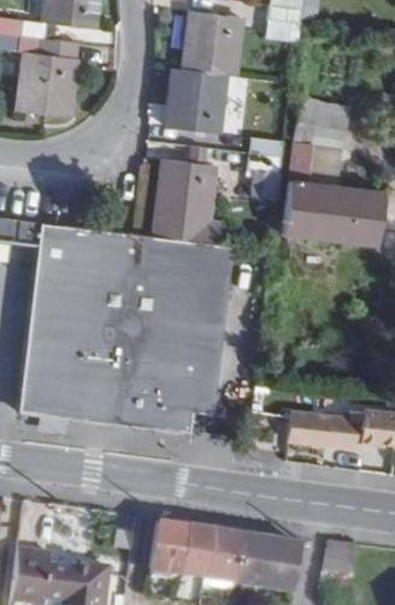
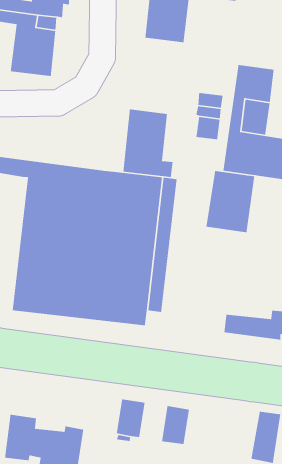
building: [170,69,226,134] -> none
building: none -> [205,170,255,233]
building: [181,524,214,574] -> none
building: [236,533,302,587] -> none

